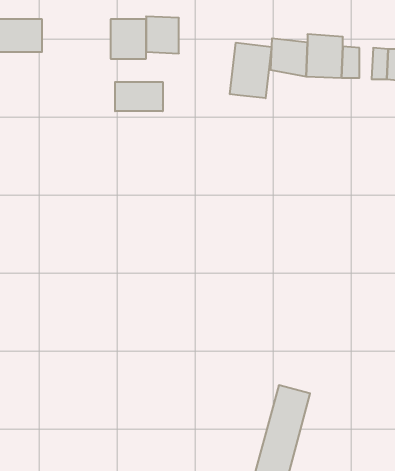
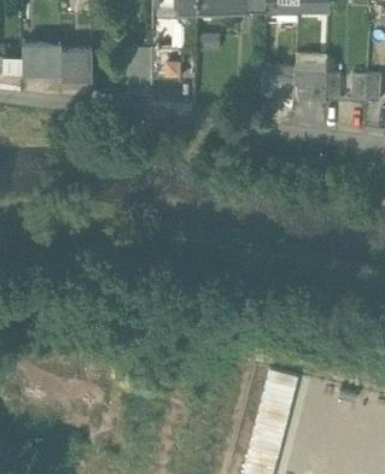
building: none -> [60,55,92,86]
building: [230,43,271,98] -> none
building: [115,82,163,111] -> none

